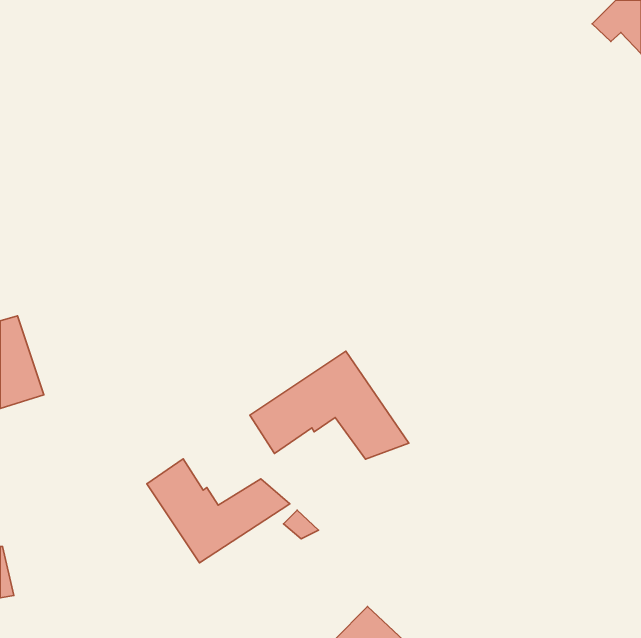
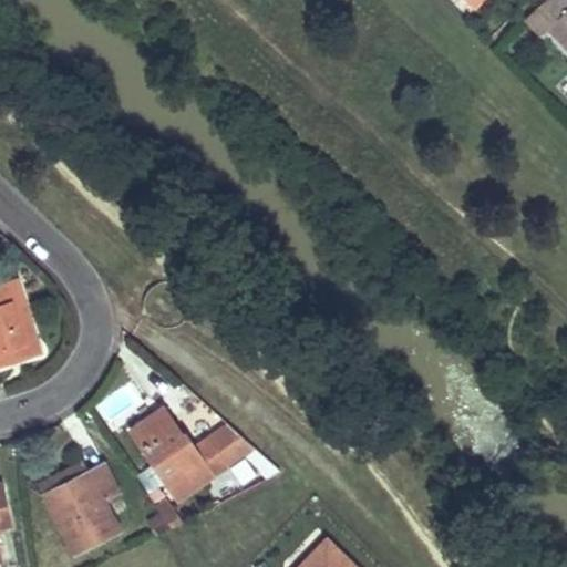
building: [250,351,409,459] -> none
building: none -> [41,463,118,554]

